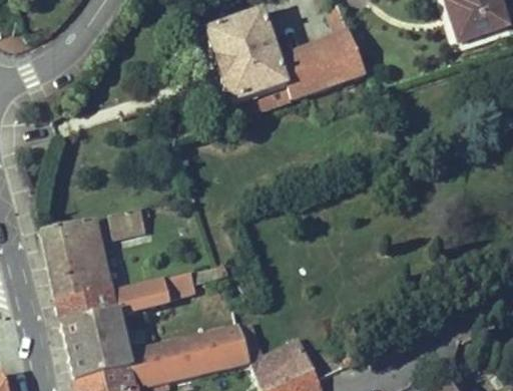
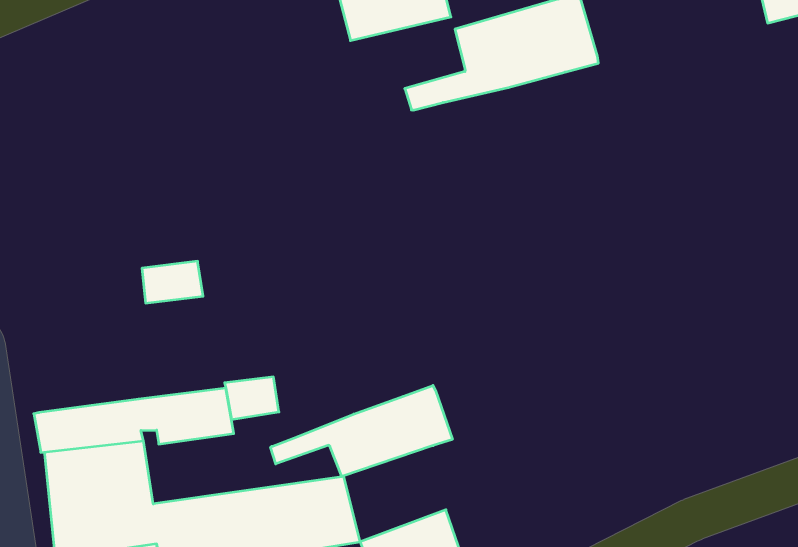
building: [218,50,287,102] -> none
building: [40,216,114,302] -> none
building: none -> [271,385,452,477]

